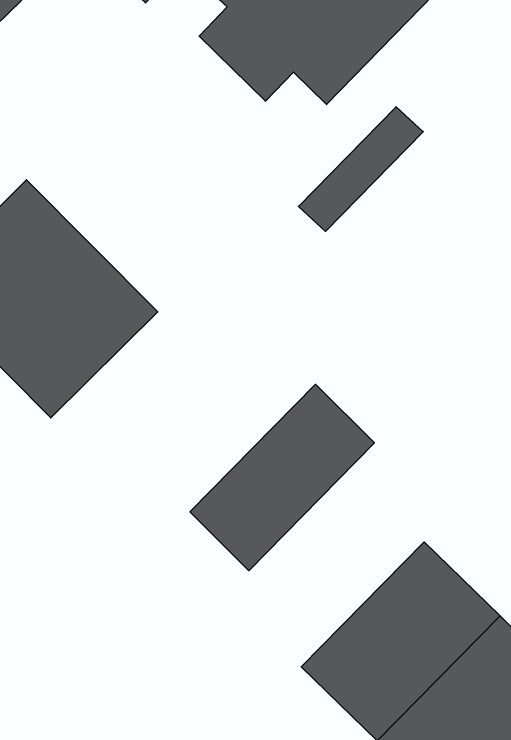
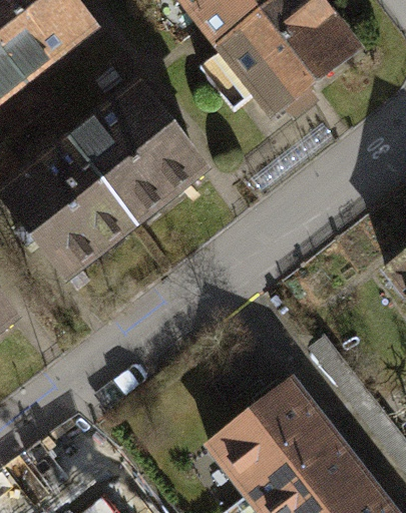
building: none -> [83,81,223,224]
building: [190,384,374,571] -> none

